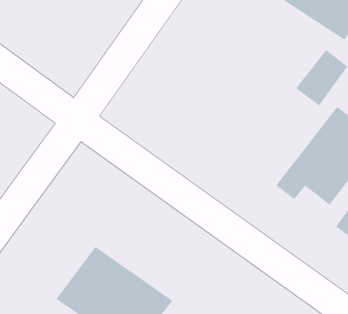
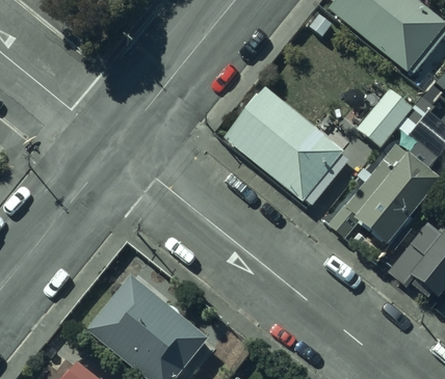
building: none -> [226,87,350,206]

